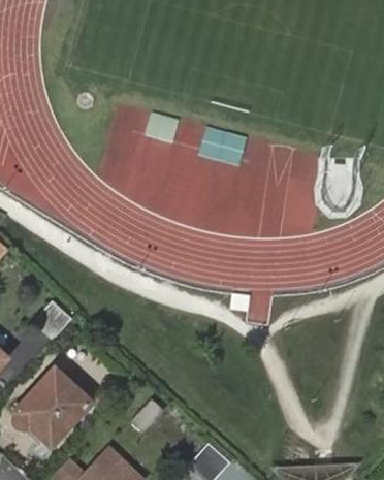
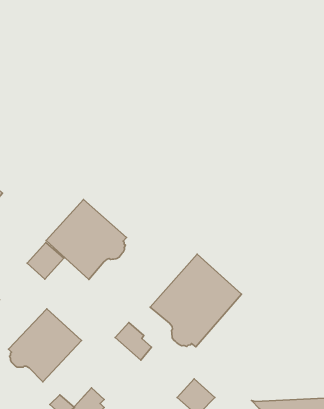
building: none -> [46,200,126,279]
building: none -> [150,254,241,347]

